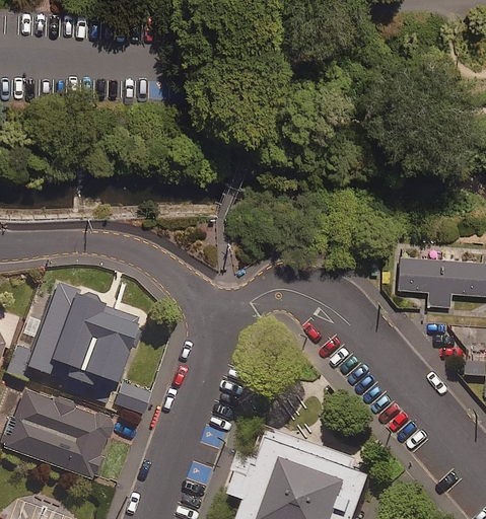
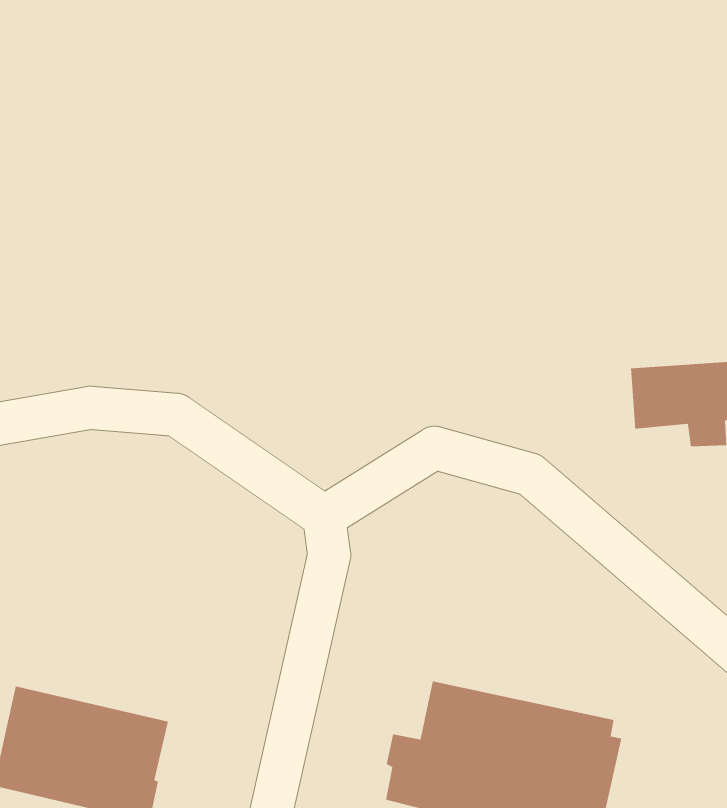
building: [25,284,148,391] -> none

